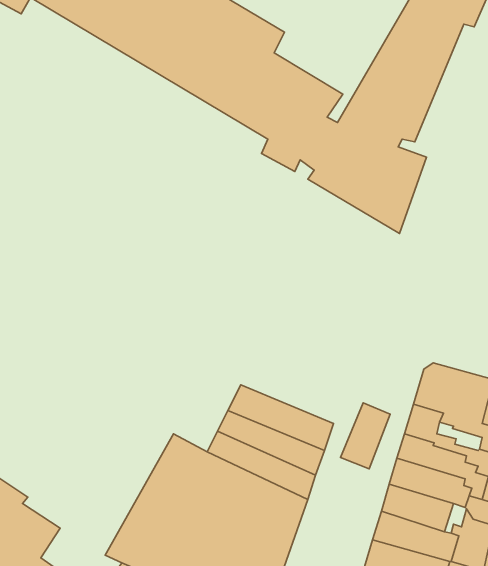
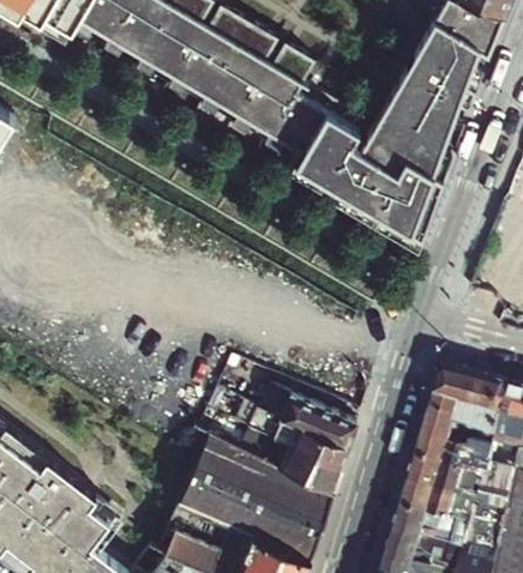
building: [340,403,390,469] -> none

